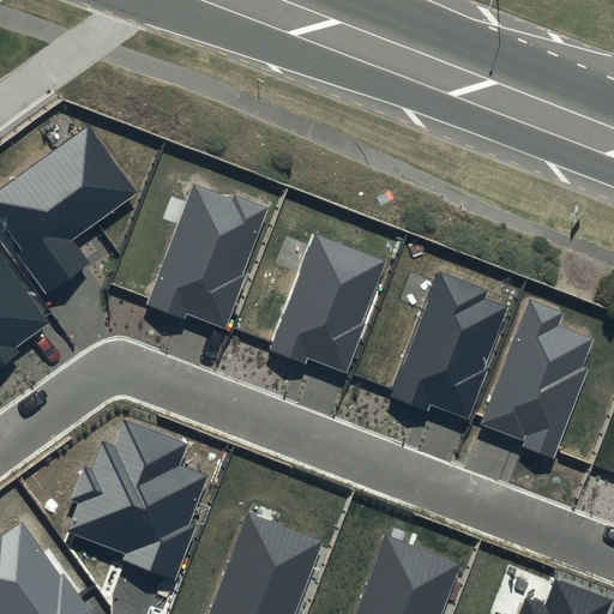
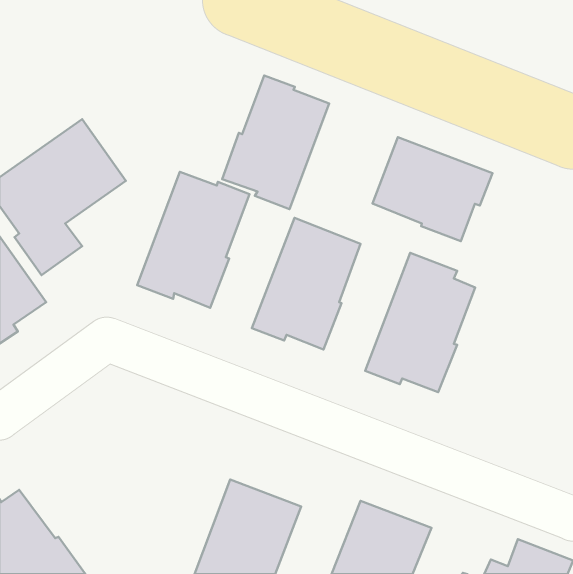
building: none -> [222,76,329,209]
building: none -> [372,137,492,241]
building: [478,300,592,459] -> none
building: [65,419,206,579] -> none

